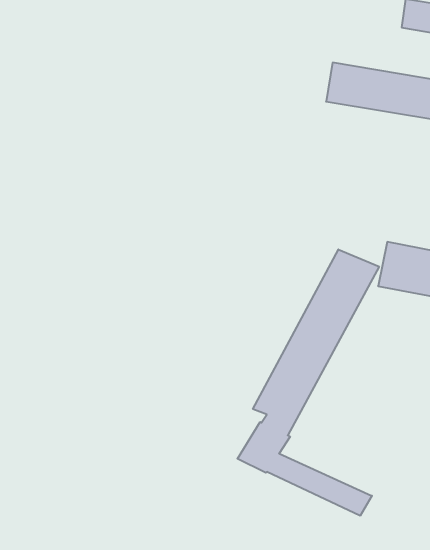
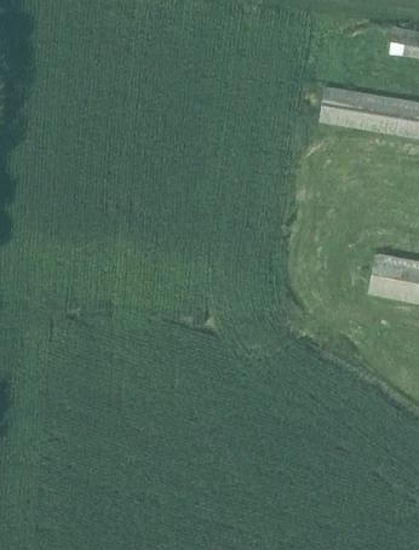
building: [237,249,379,516] -> none

